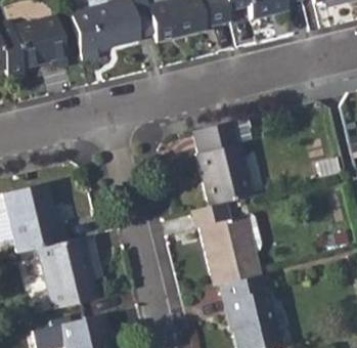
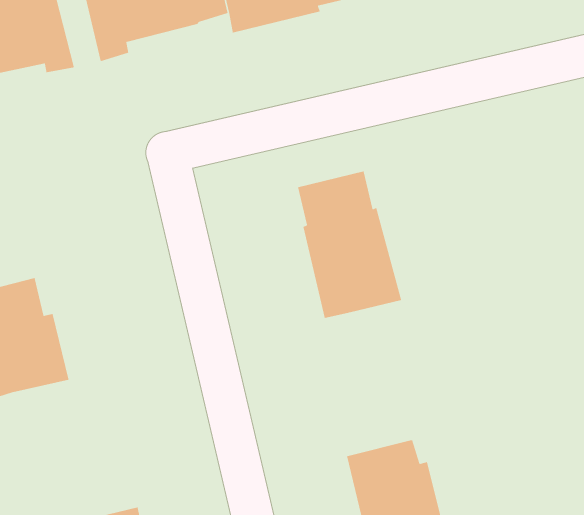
building: [189,203,258,285] -> none
building: [33,235,92,309] -> none

